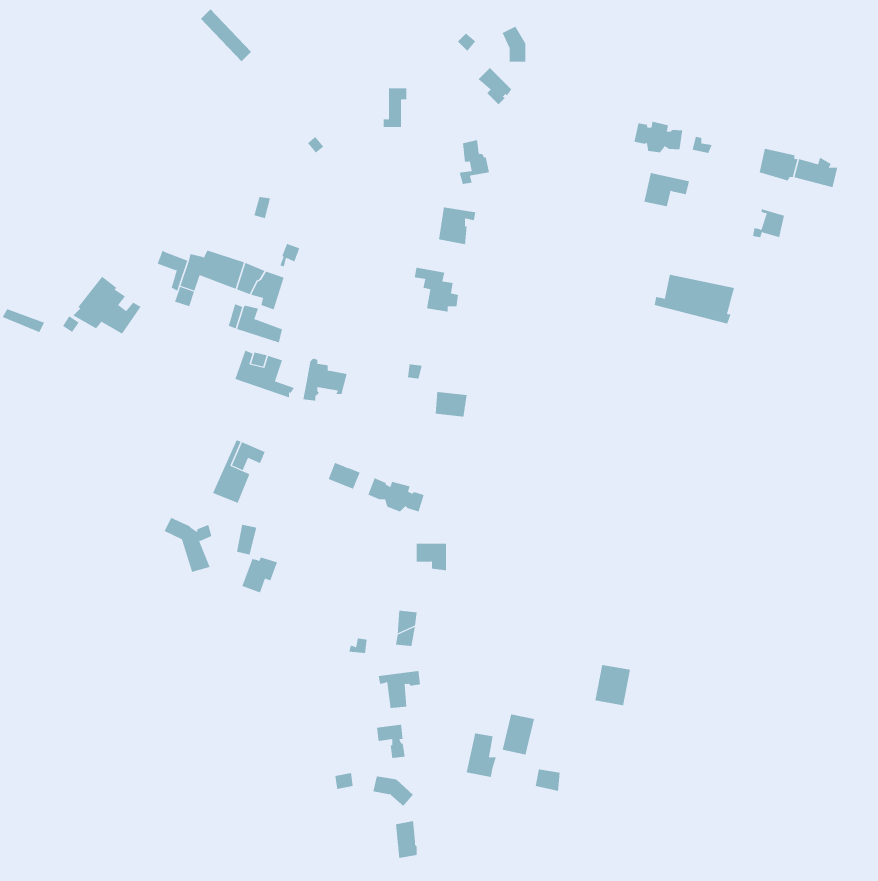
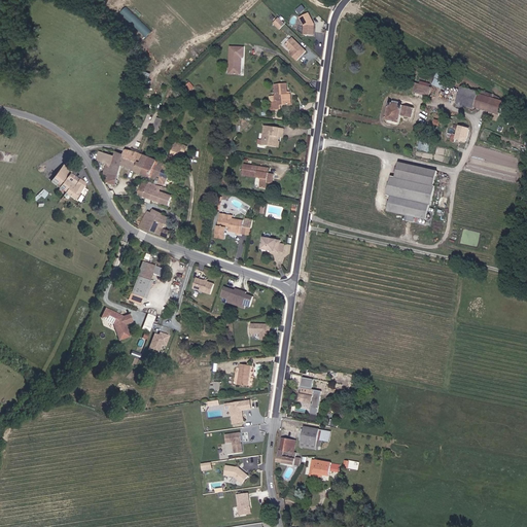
building: [634,121,683,153] -> none
building: none -> [387,182,434,221]
building: [303,358,347,401] -> [215,210,242,236]
building: [595,664,631,706] -> [298,379,320,403]

